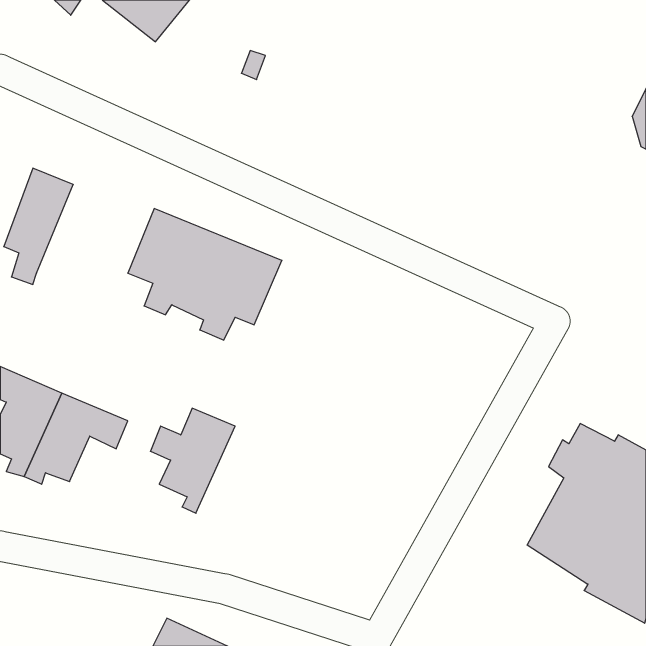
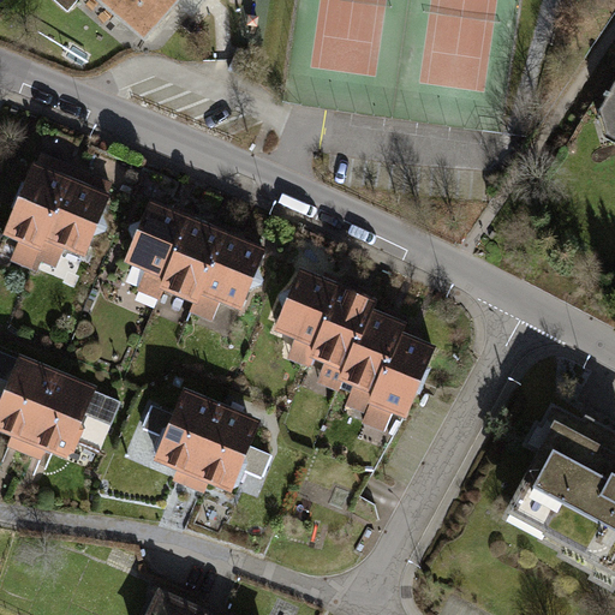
building: none -> [35,175,112,268]
building: none -> [270,268,438,432]
building: none -> [186,405,270,494]

